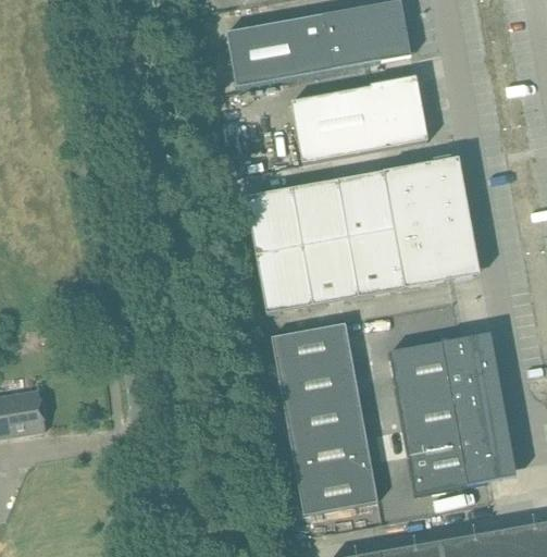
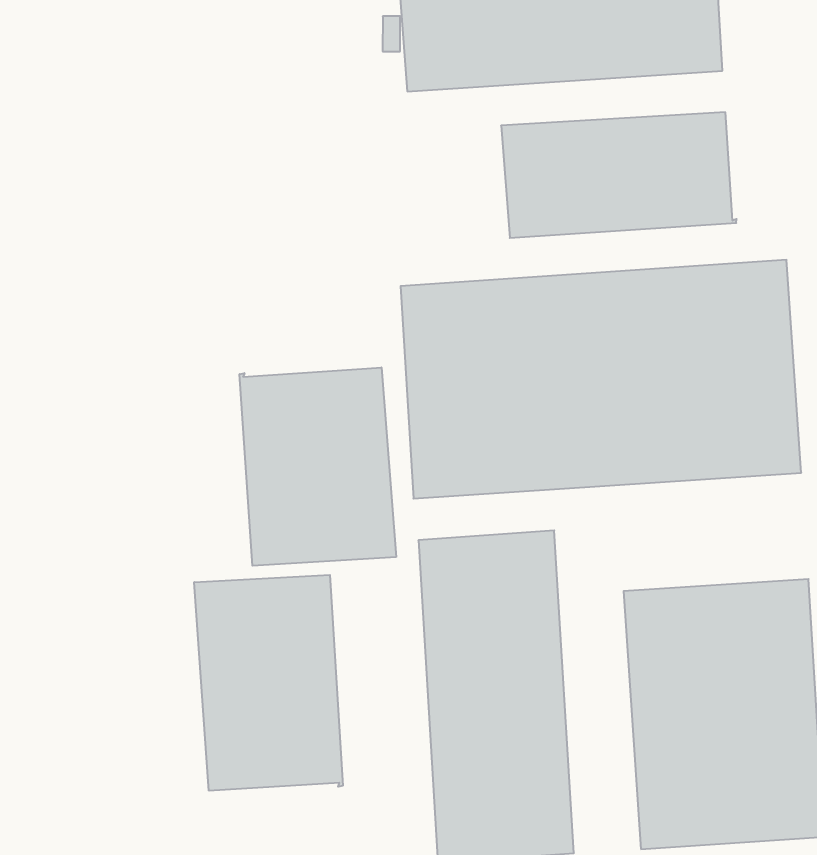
building: none -> [240,367,396,566]
building: none -> [194,575,343,791]

